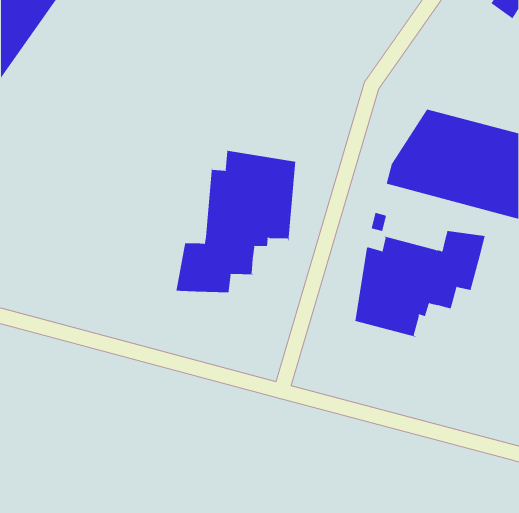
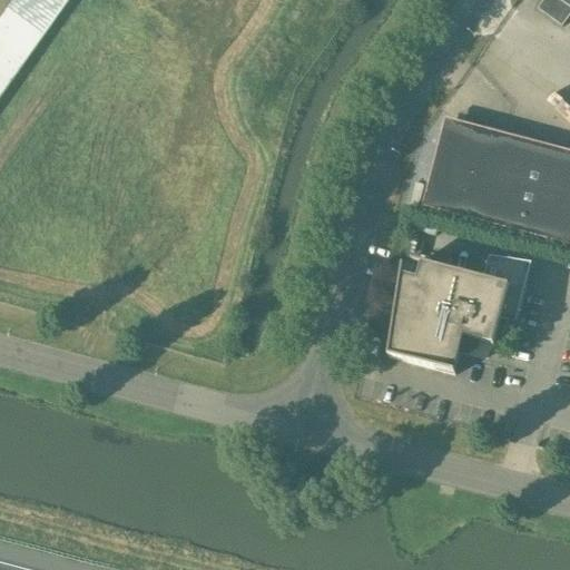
building: [176,150,296,293] -> none

